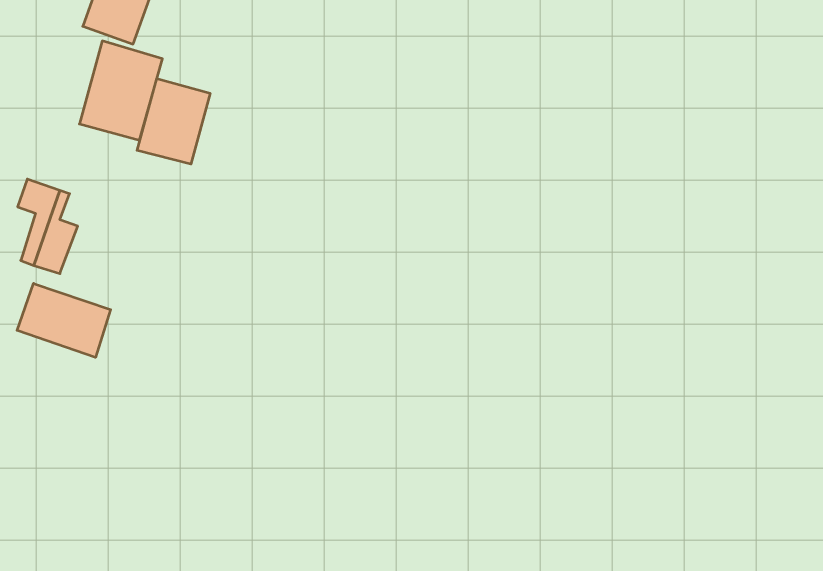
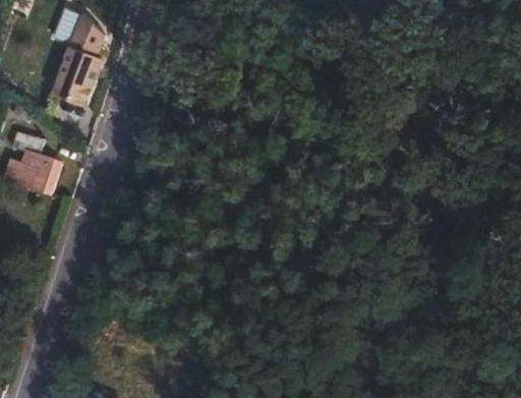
building: [137,78,210,164] -> none
building: [17,283,111,357] -> none

